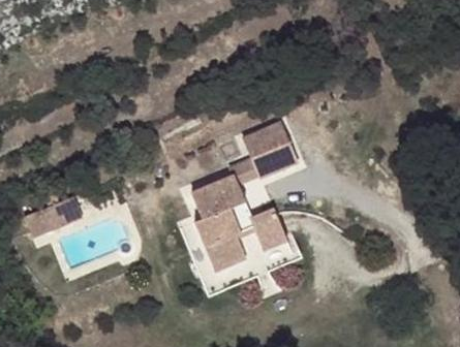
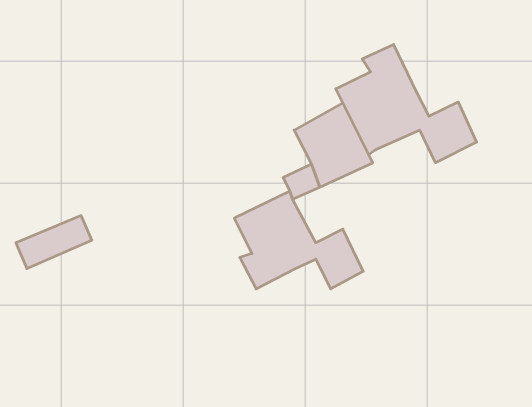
building: none -> [336,44,477,163]
building: [207,235,247,273] -> none

